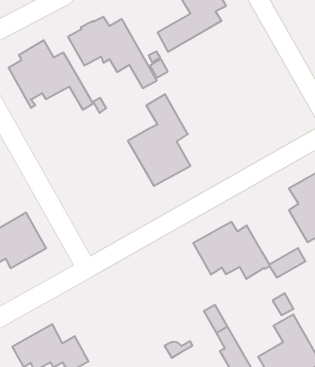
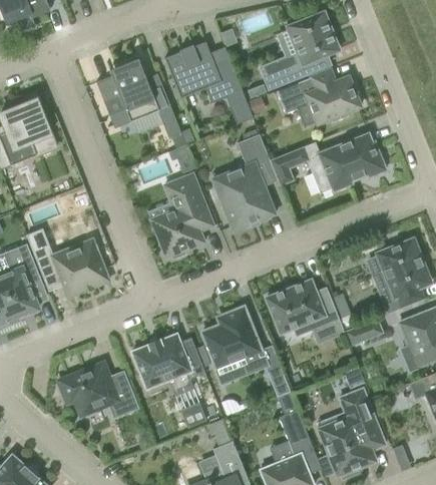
building: none -> [277,70,361,124]
building: none -> [270,133,386,191]
building: none -> [151,173,213,259]
building: none -> [202,307,267,372]
building: none -> [132,334,205,389]

